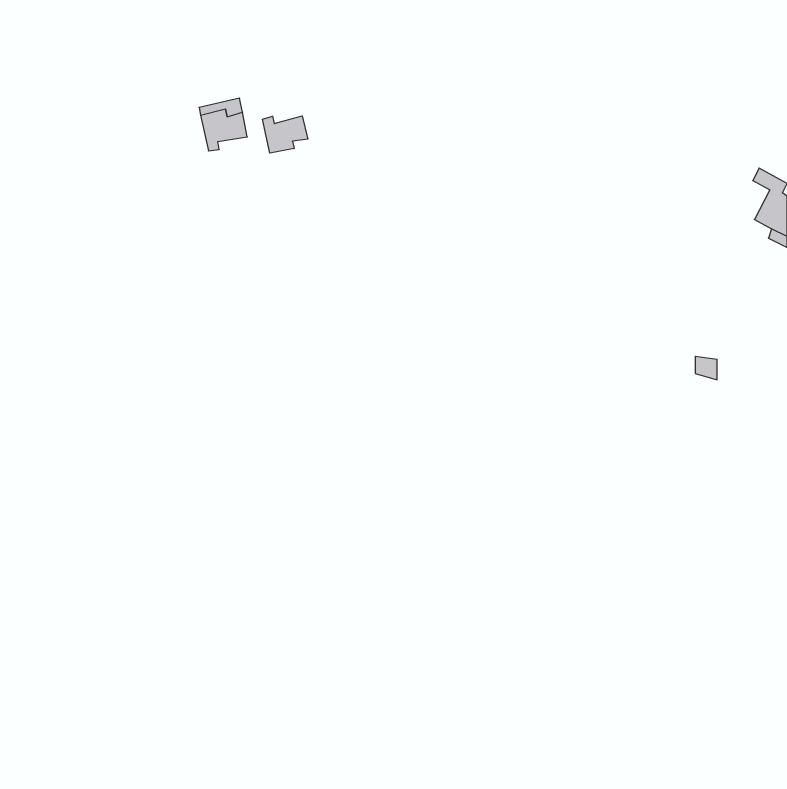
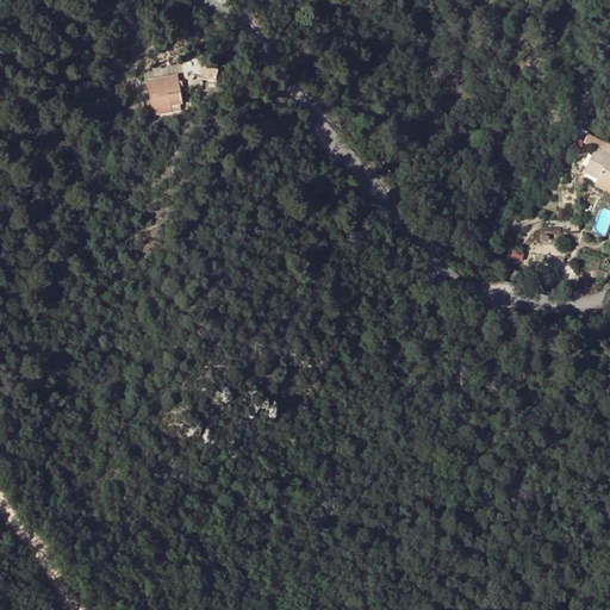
building: [262,116,308,153] -> none

